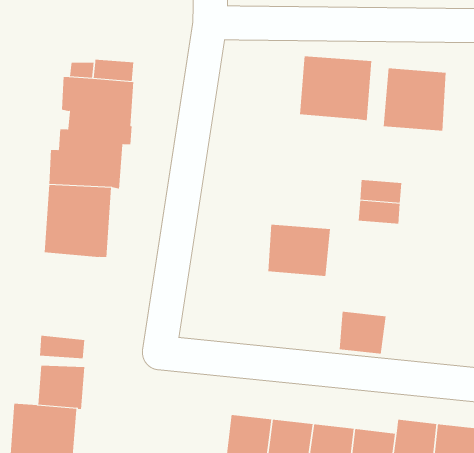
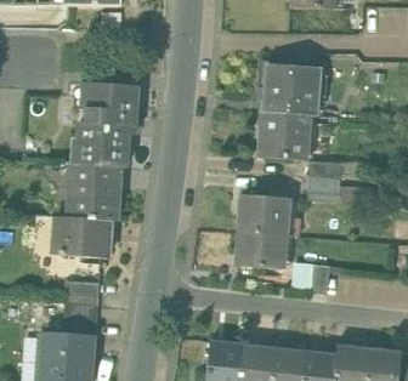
building: [383,68,446,131] -> [261,112,310,160]
building: none -> [55,217,112,257]
building: none -> [238,232,285,269]

